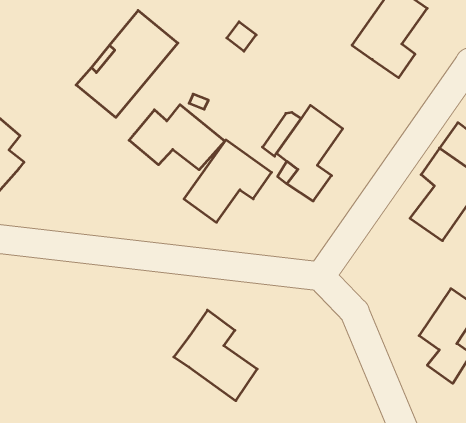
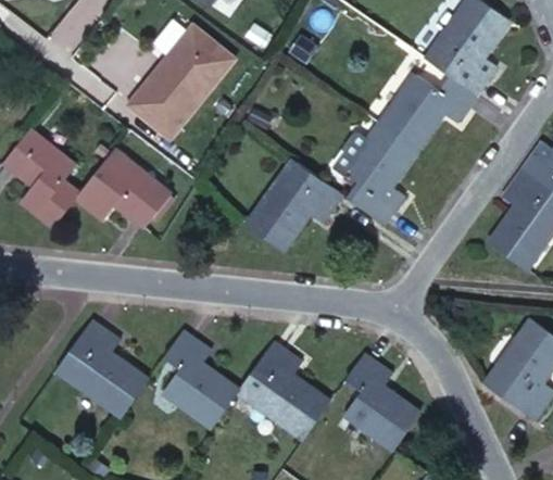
building: none -> [381,75,476,149]
building: [129,105,225,170] -> [71,153,173,223]
building: none -> [71,321,147,418]
building: none -> [162,336,236,429]
building: none -> [341,354,416,450]

